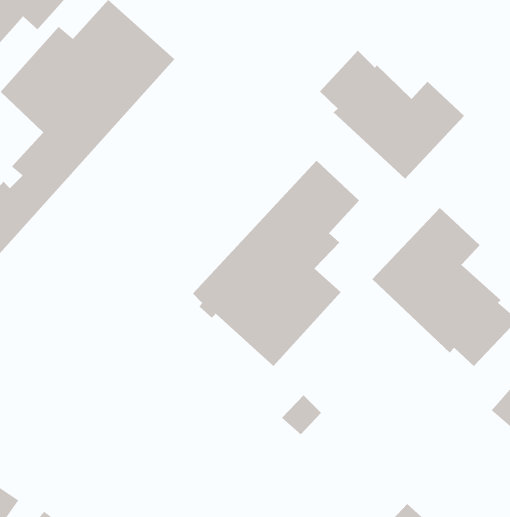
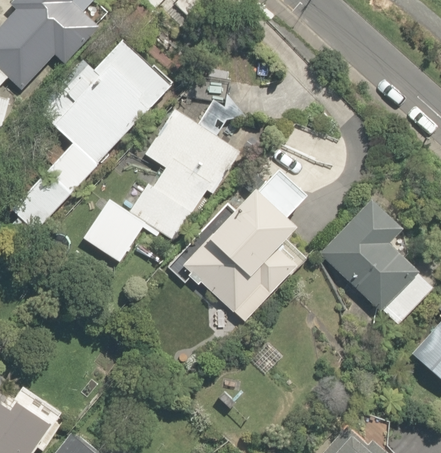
building: none -> [84,75,246,261]
building: [319,50,465,180] -> none

